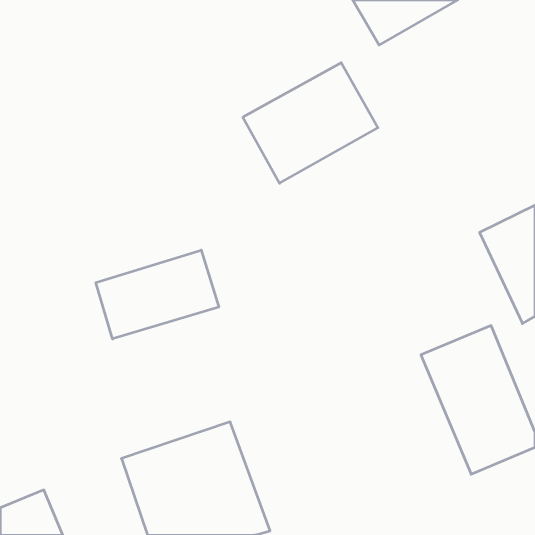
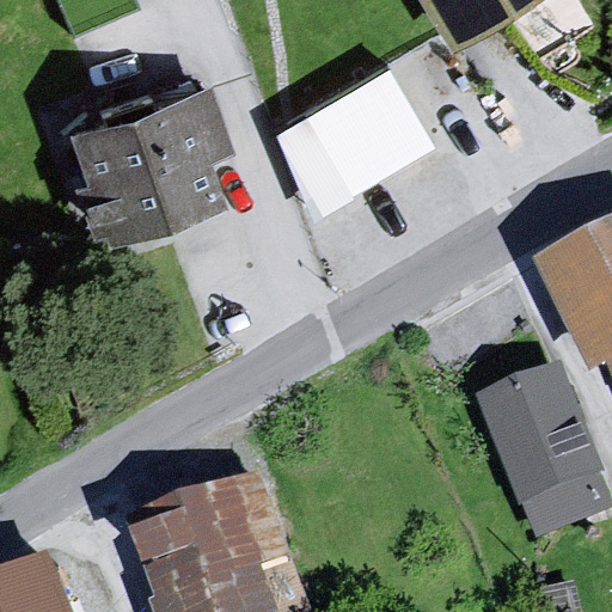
building: none -> [48,87,219,232]
building: [96,250,219,339] -> none

